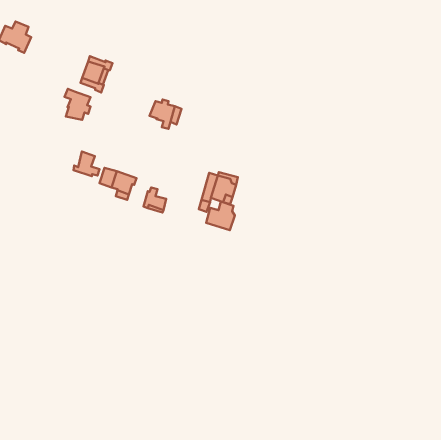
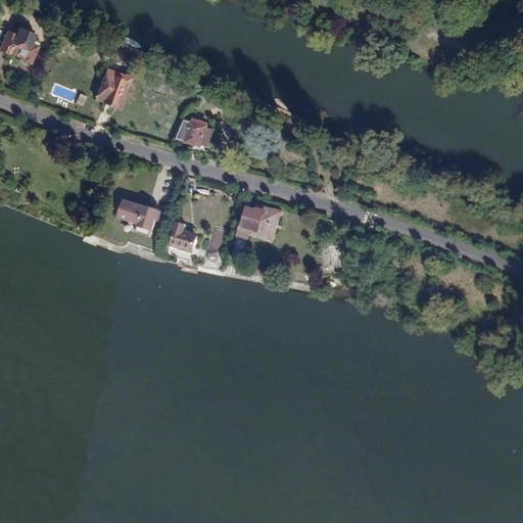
building: [65,89,91,120] -> none
building: [73,152,99,176] -> none
building: [206,201,235,230] -> none

